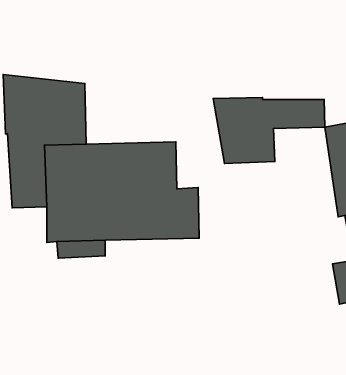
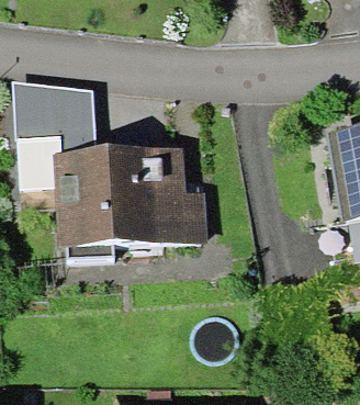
building: [213,98,325,164] -> none

